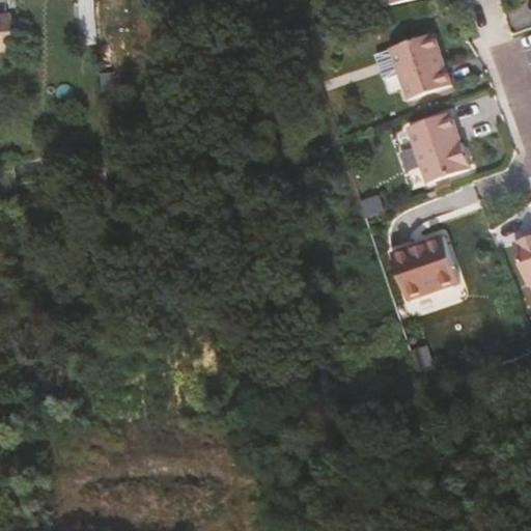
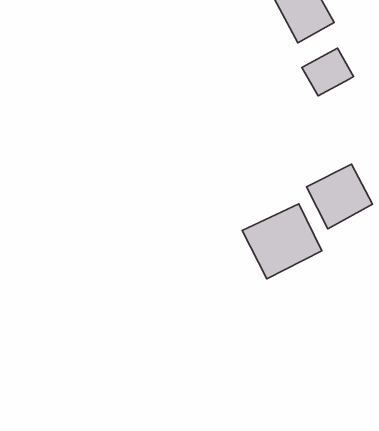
building: [418,143,468,181] -> none
building: none -> [242,204,322,279]

